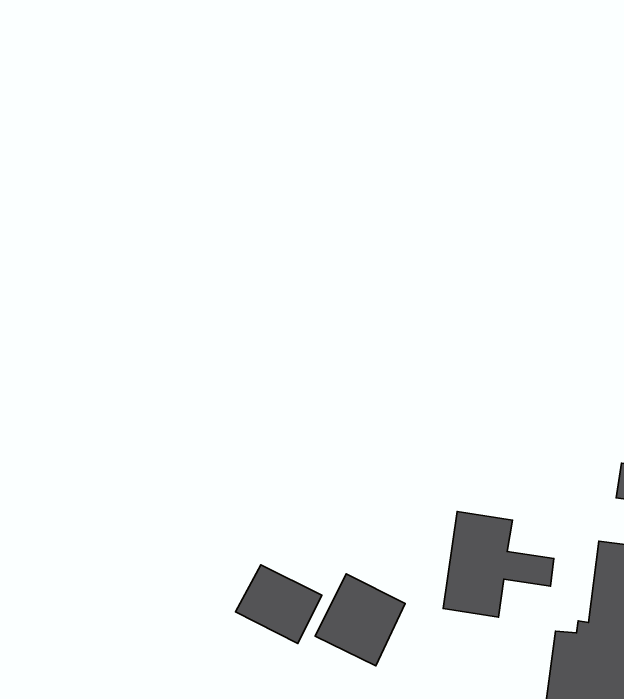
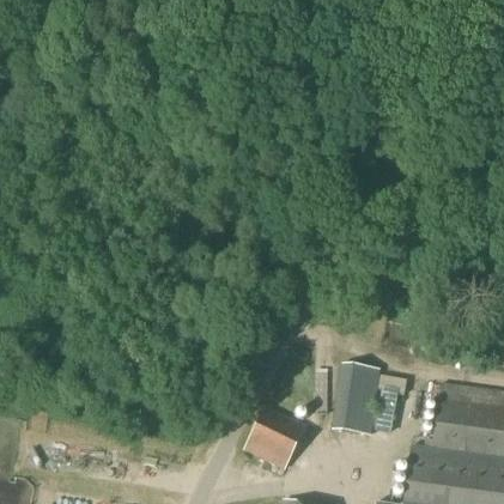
building: [236,565,322,644] -> none

